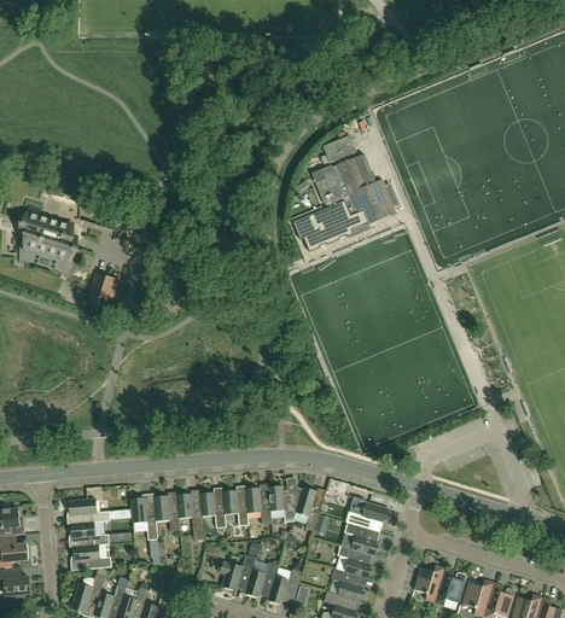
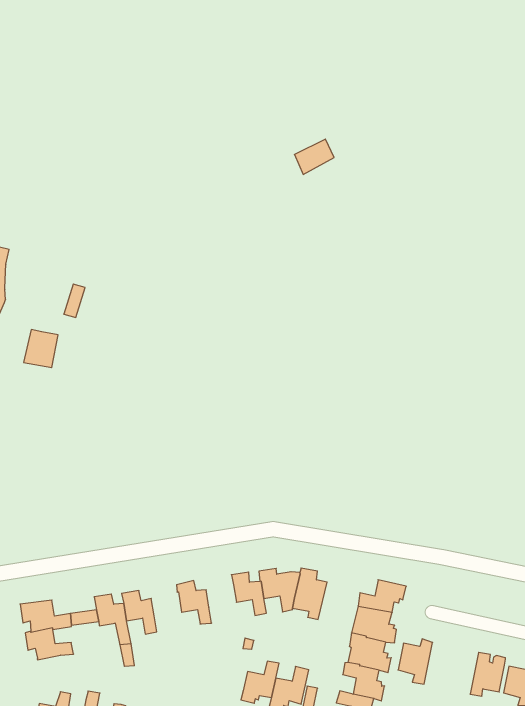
building: [293,156,396,240] -> none
building: [222,490,249,526] -> none
building: [176,494,204,540] -> none
building: [74,544,111,570] -> none
building: [217,555,256,589] -> none
building: [414,565,444,602] -> [398,639,433,684]

